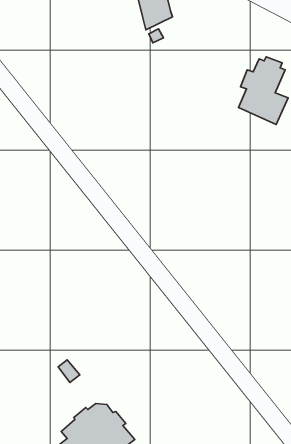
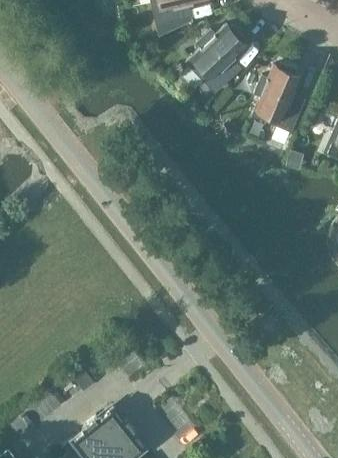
building: none -> [186,25,244,93]

